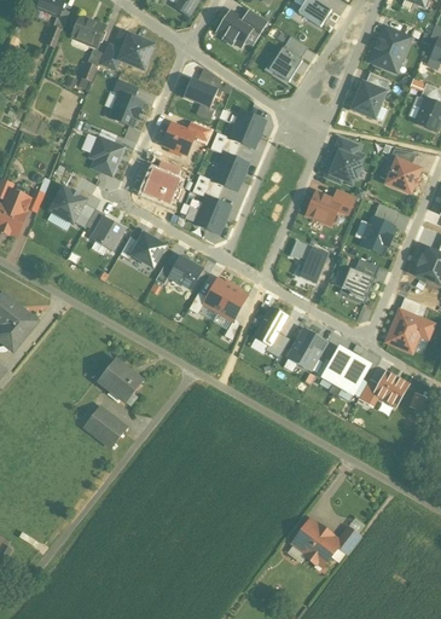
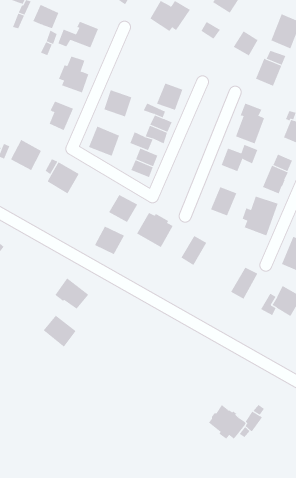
building: [269,48,302,81] -> [233,30,259,56]
building: [181,77,217,108] -> none
building: [124,231,163,267] -> [94,226,125,255]
building: [285,326,329,372] -> none
building: [337,354,372,397] -> none

